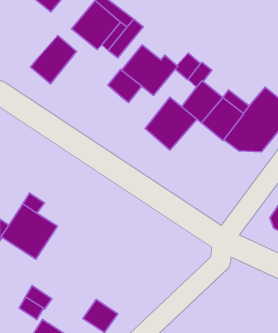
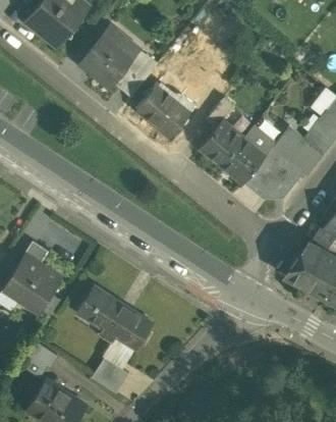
building: [30,35,77,84] -> none
building: [108,70,142,103] -> none
building: [145,97,197,150] -> none
building: none -> [77,284,153,348]

